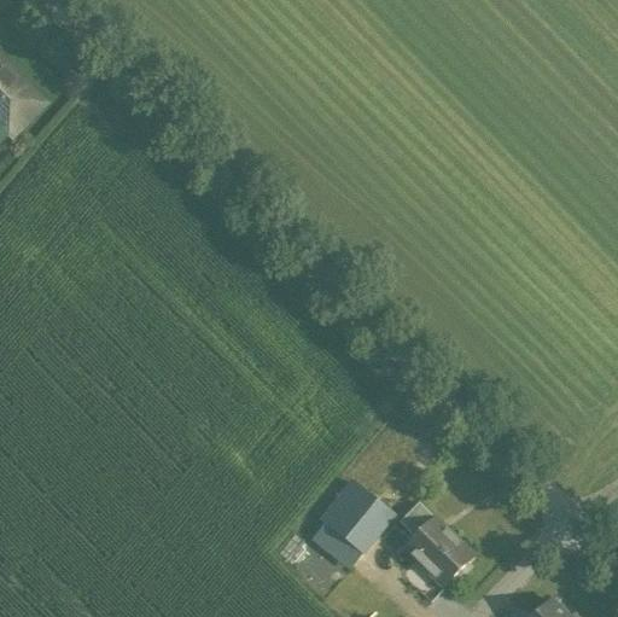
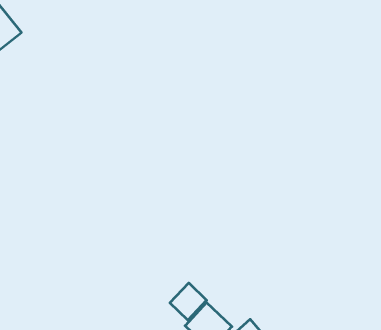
building: none -> [170,283,207,320]

